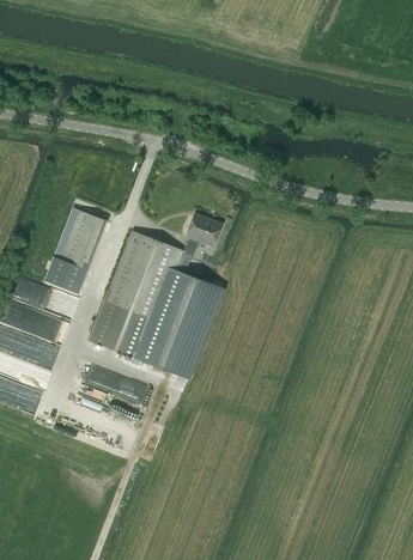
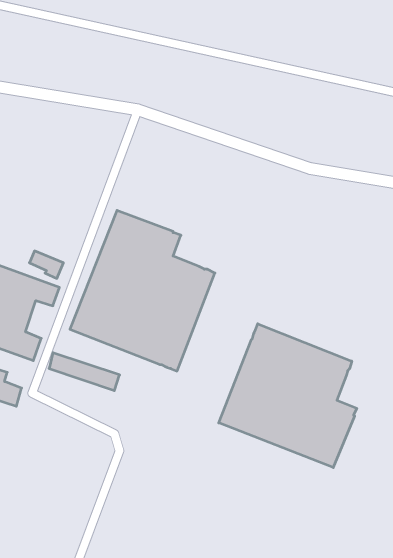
building: [60,211,105,269] -> none
building: [183,217,221,255] -> none
building: none -> [219,324,357,468]

